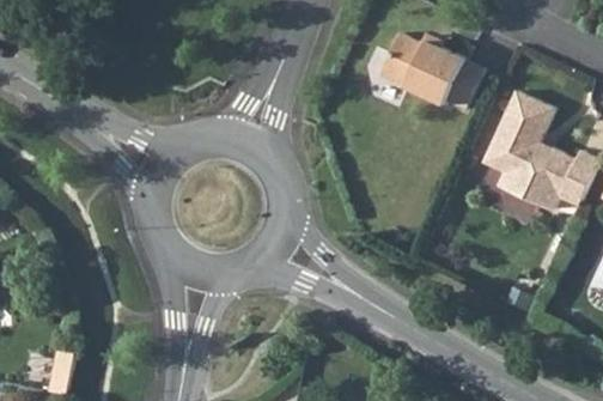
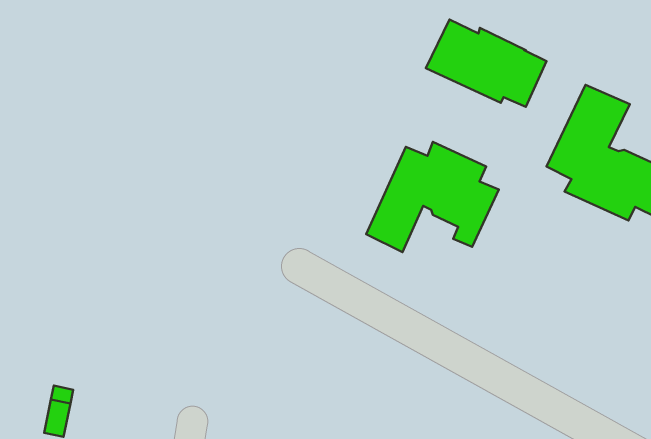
building: none -> [366,142,499,252]

